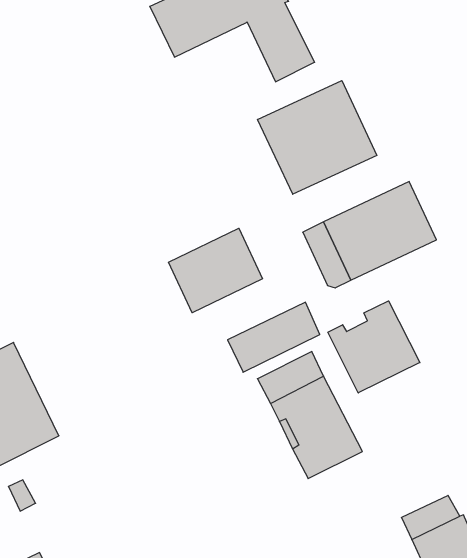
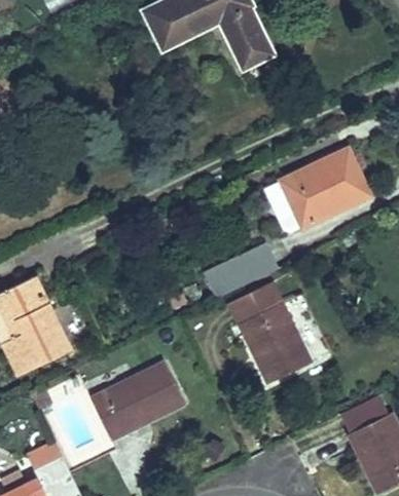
building: [258,81,377,194] -> none
building: [168,228,263,313] -> none
building: [328,301,420,393] -> none
building: none -> [90,360,185,441]

